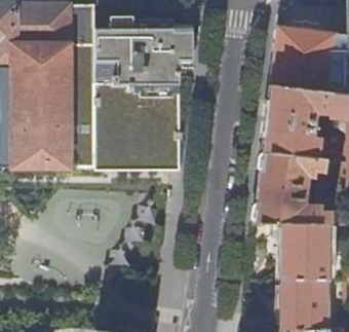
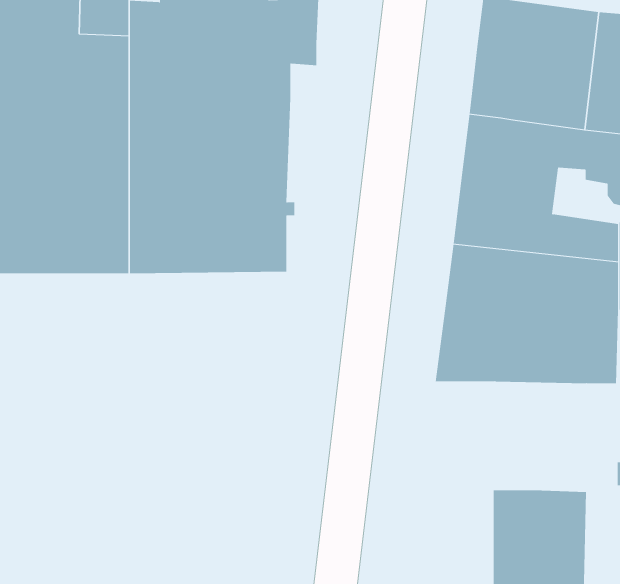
building: [282,222,331,279] -> none

